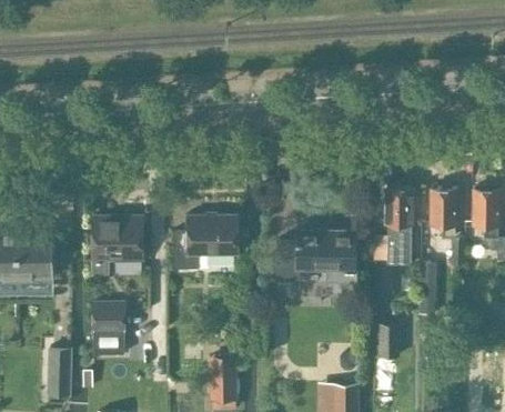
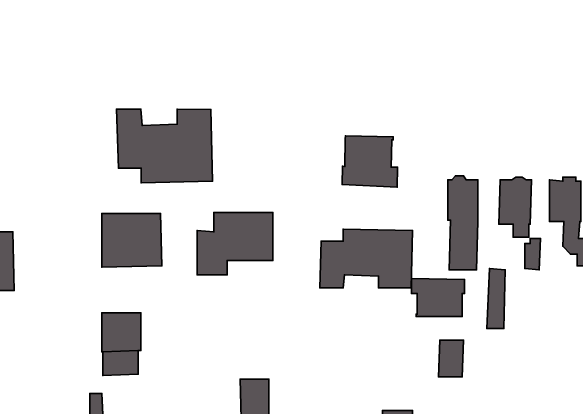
building: none -> [117,109,213,183]
building: none -> [342,136,397,187]
building: [17,234,53,284] -> none
building: none -> [411,278,465,317]
building: [48,350,70,384] -> none

